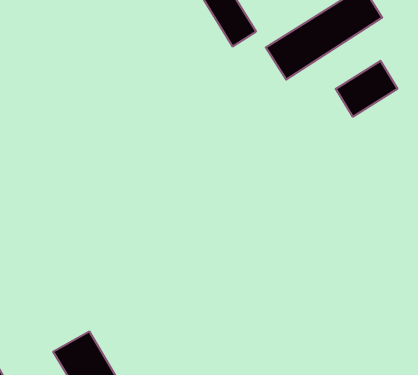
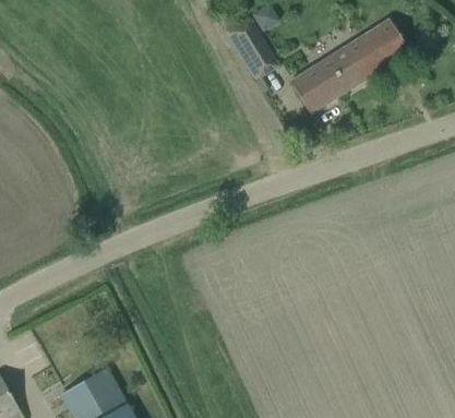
building: [336,61,397,117] -> none

